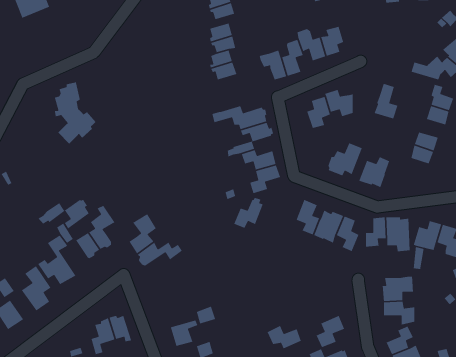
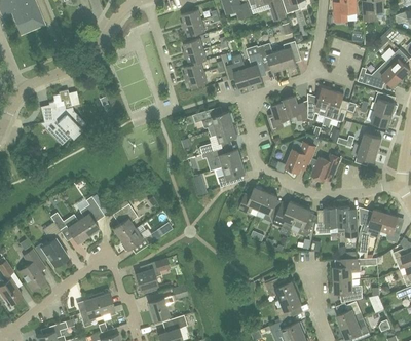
building: none -> [308,84,334,114]
building: [233,197,264,229] -> [238,185,265,213]
building: [37,199,90,229] -> none
building: none -> [136,258,170,293]
building: [266,325,302,350] -> [265,277,296,299]

